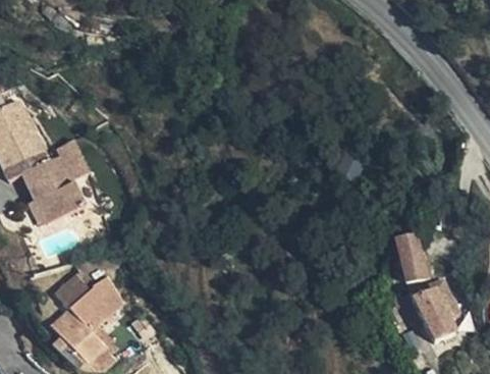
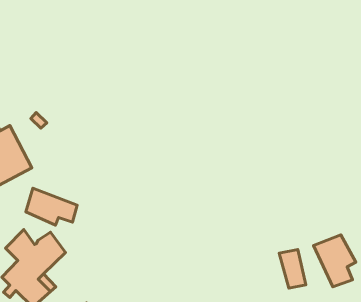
building: none -> [26,188,77,225]
building: [395,236,426,281] -> [279,250,306,288]

